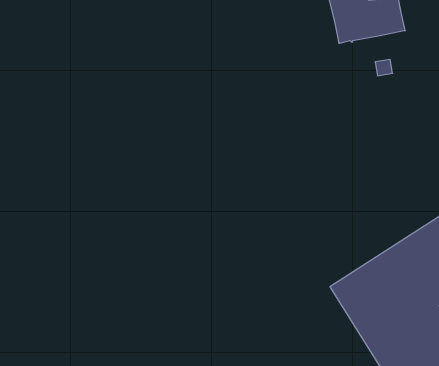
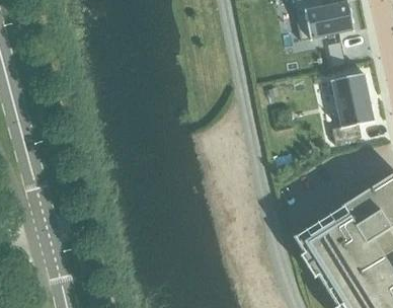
building: none -> [330,72,375,142]

